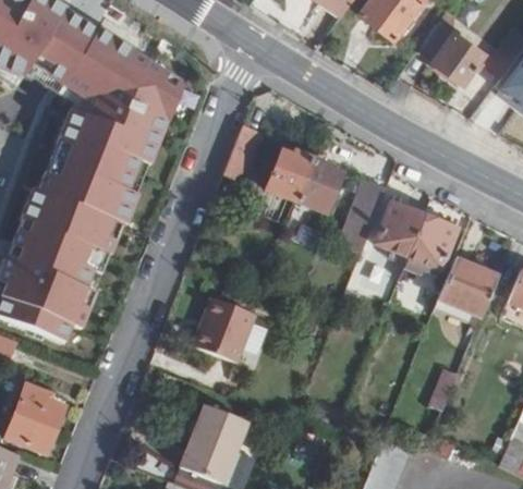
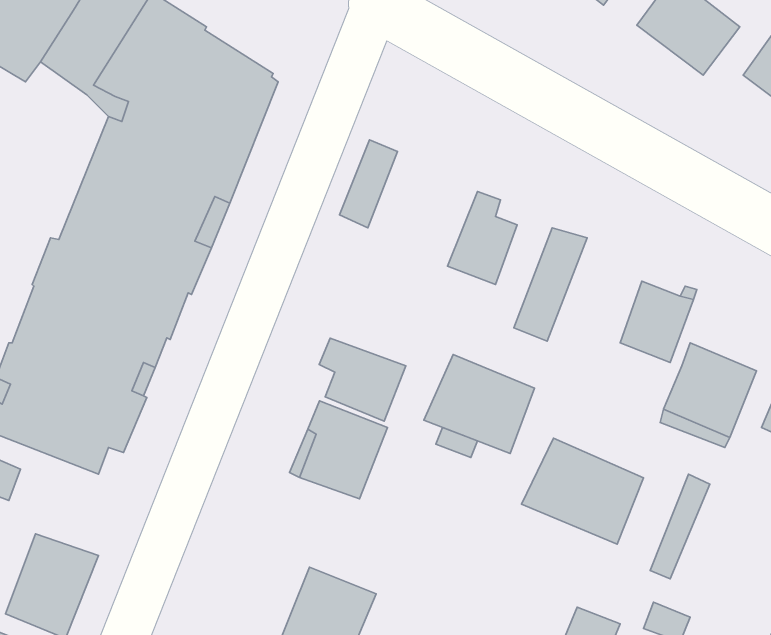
building: [266,154,316,208] -> none
building: [377,206,424,258] -> none
building: none -> [319,338,406,421]
building: none -> [424,354,534,453]
building: none -> [522,438,644,544]

